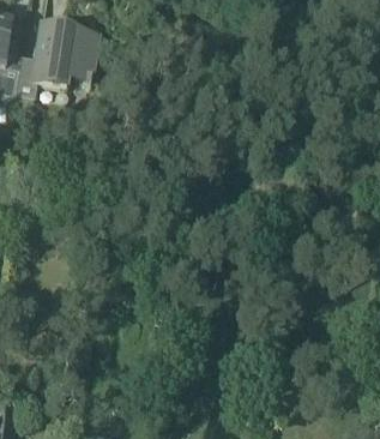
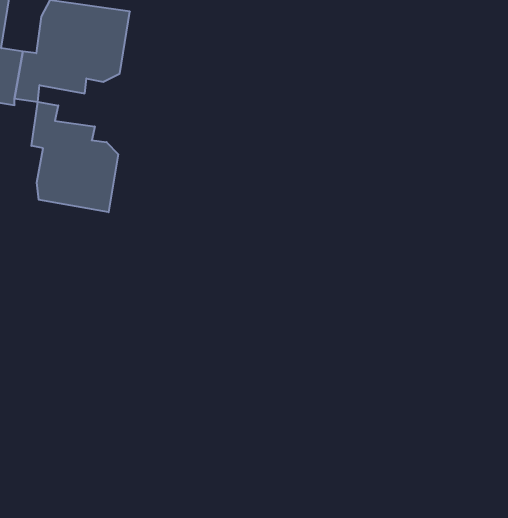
building: none -> [31,102,118,212]

